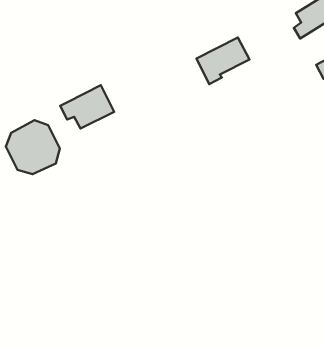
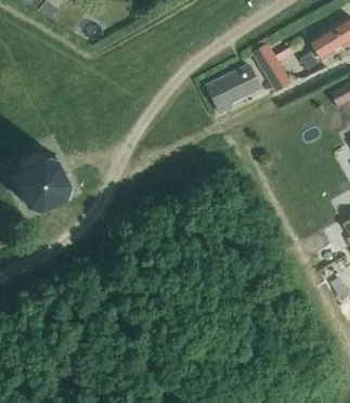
building: none -> [250,43,301,82]
building: [60,85,114,129] -> none

